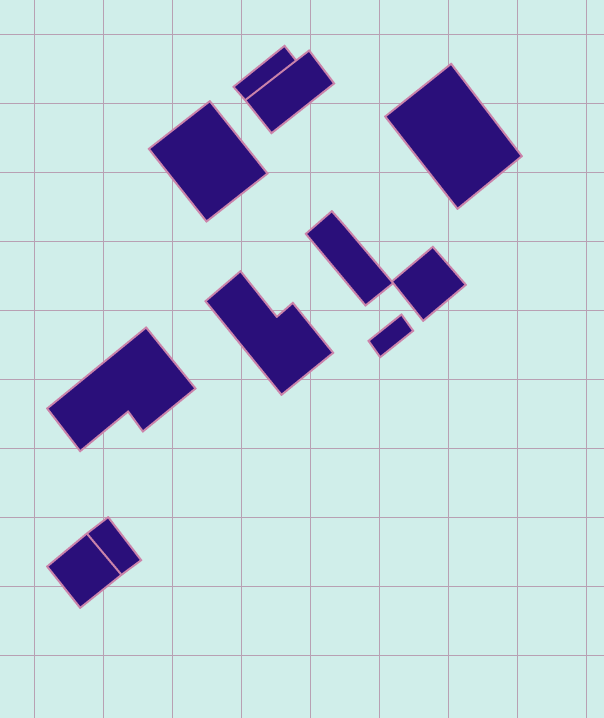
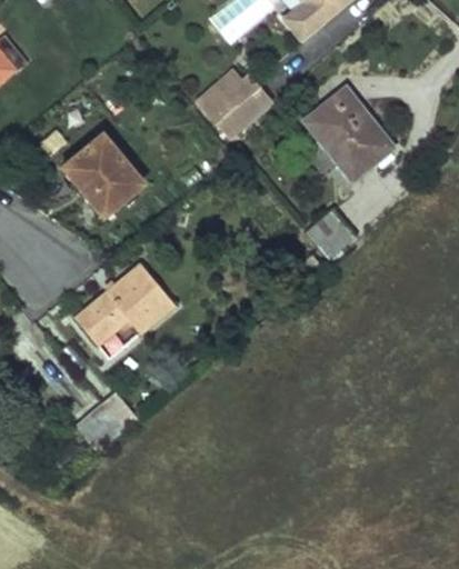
building: [149,101,268,221] -> [63,134,143,216]
building: [306,211,393,305] -> none
building: [206,271,333,395] -> none

